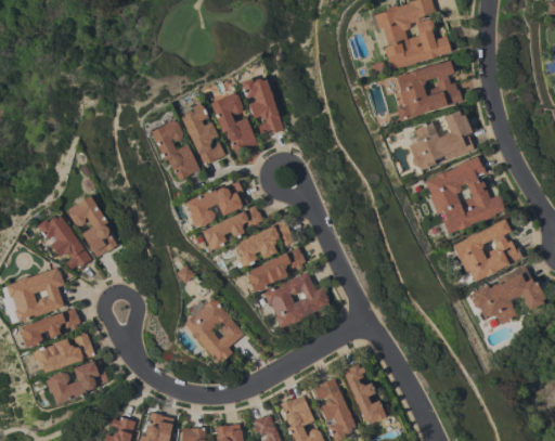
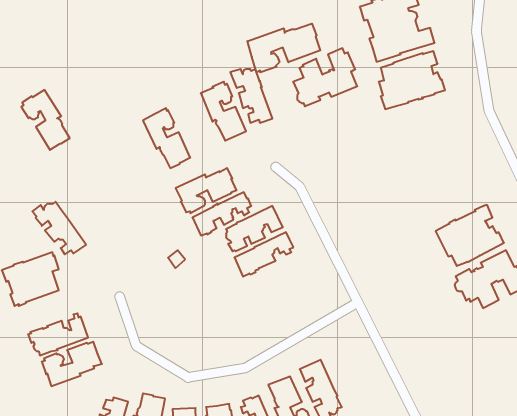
building: none -> [247,24,320,72]
building: [181,102,224,165] -> none
building: [408,109,474,169] -> [293,48,357,106]
building: [425,156,505,233] -> none
building: [67,195,117,257] -> [21,90,70,150]
building: [263,271,330,327] -> none
building: [183,297,244,364] -> none
building: [18,307,80,347] -> none
building: [343,363,386,425] -> none

